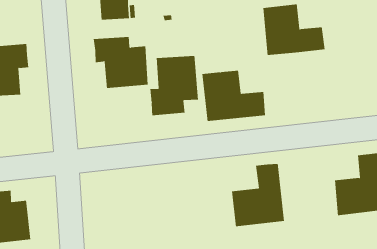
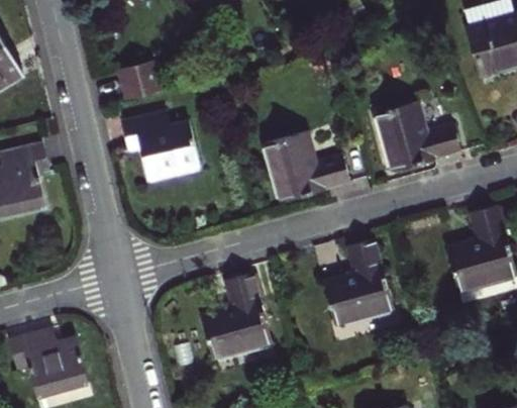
building: [262,4,325,55] -> [376,102,461,172]
building: [150,55,199,116] -> none
building: none -> [202,274,273,361]

